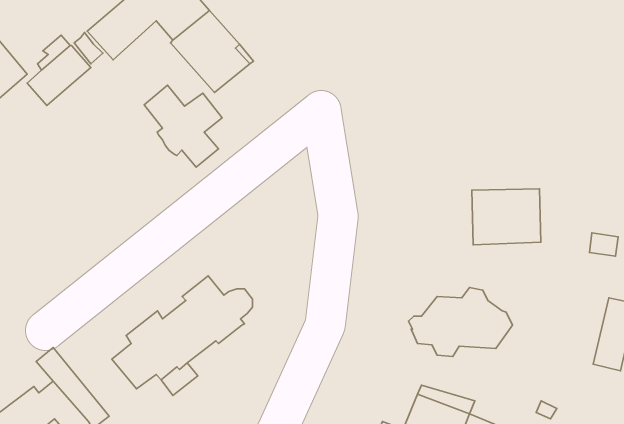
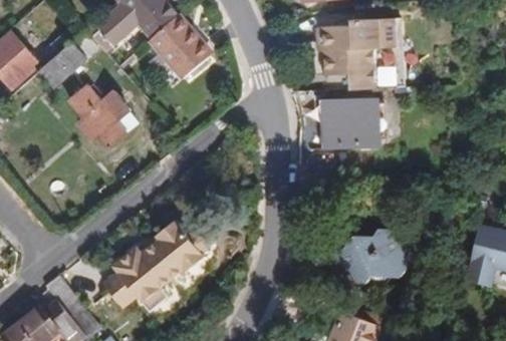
building: none -> [319,17,406,89]
building: [144,85,222,167] -> [68,85,129,148]
building: [472,189,541,245] -> [322,102,375,145]

